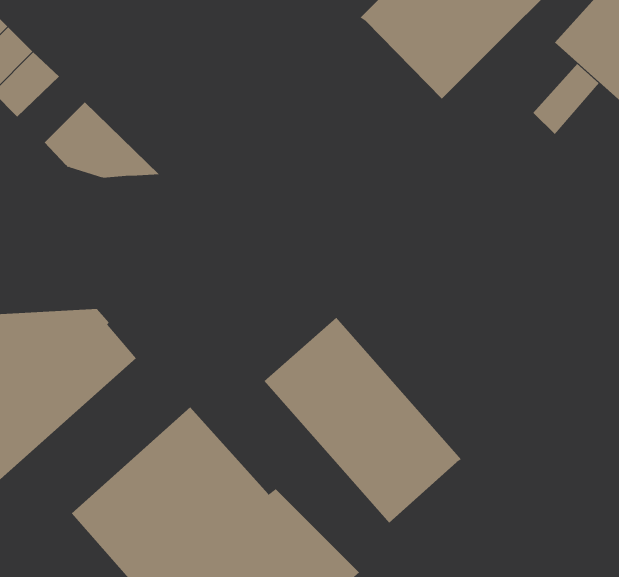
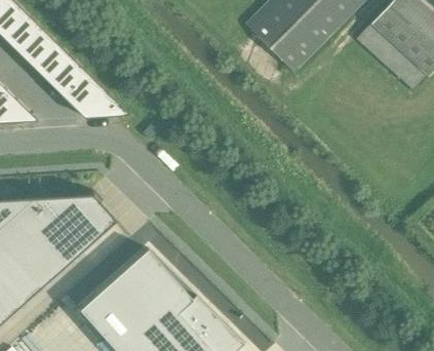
building: [533,63,600,135] -> none
building: none -> [48,59,87,96]
building: [264,317,462,524] -> none

